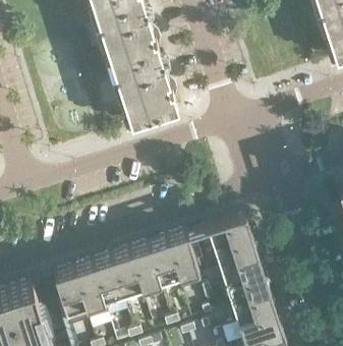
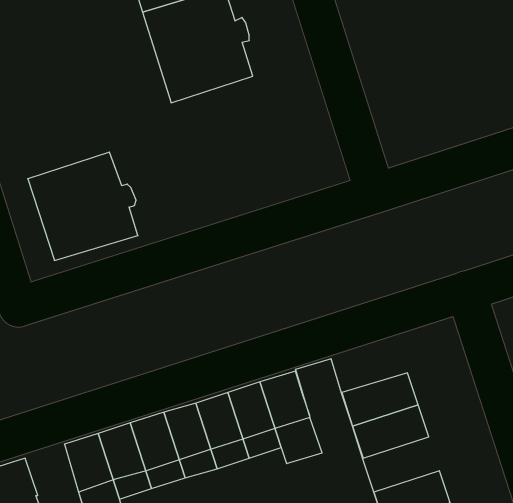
building: [114,66,177,128] -> [28,152,138,260]
building: [206,216,249,247] -> none
building: [224,273,268,304] -> none

